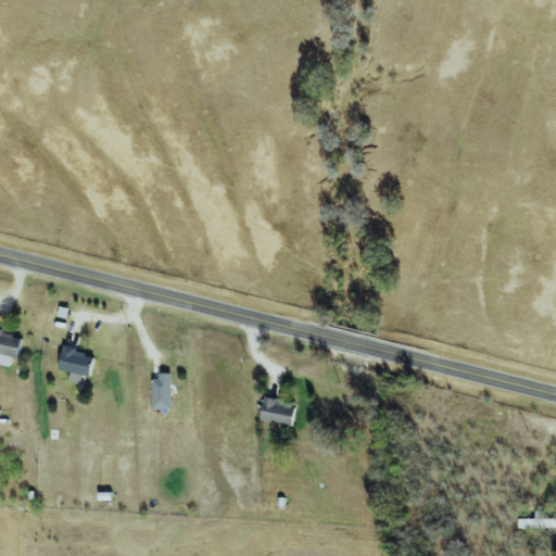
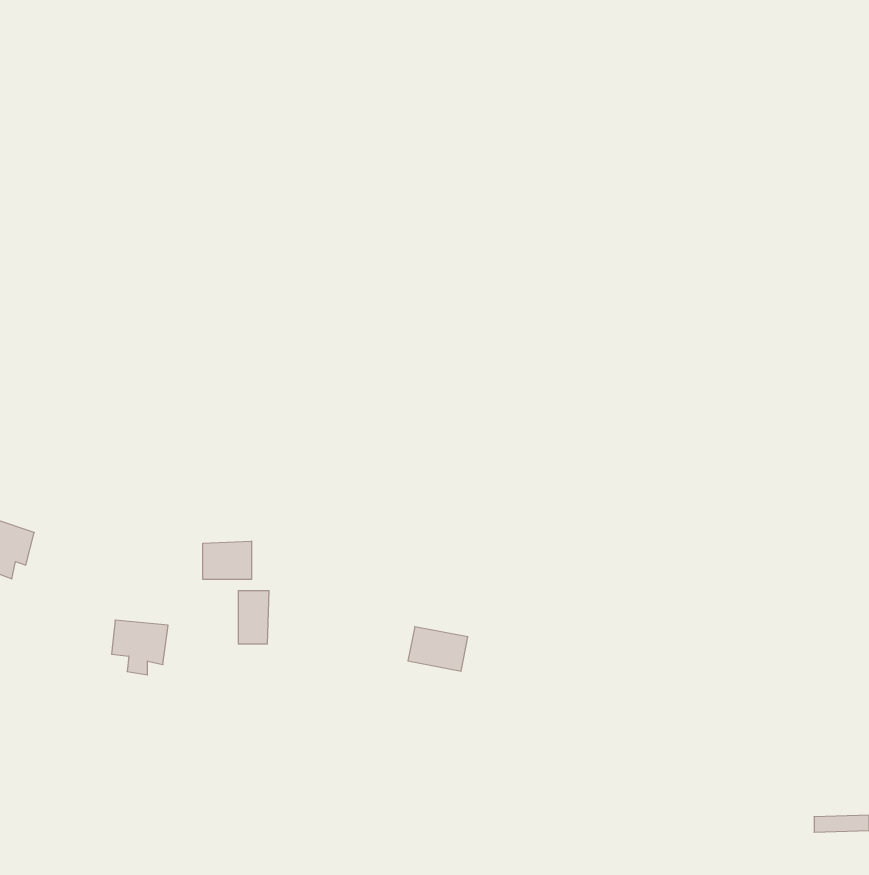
building: none -> [203,541,252,579]
building: [58,349,93,383] -> [112,620,168,675]

